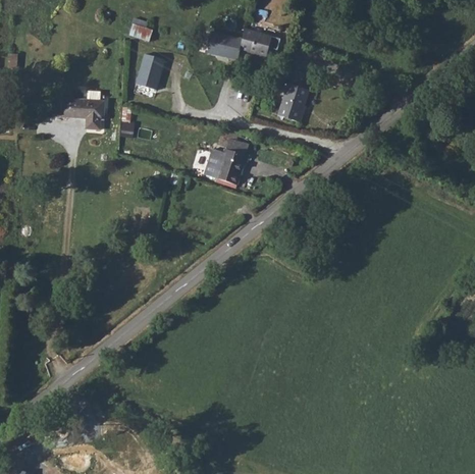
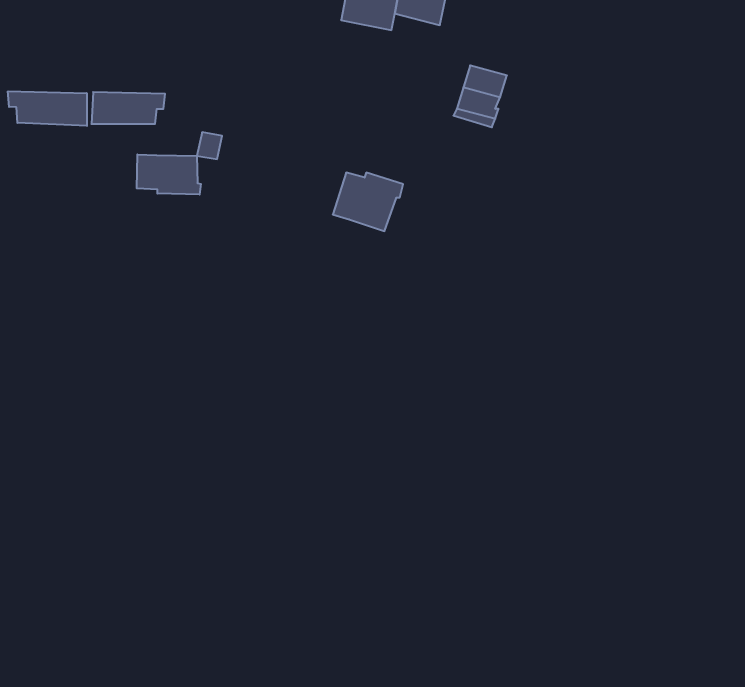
building: [137,54,165,91] -> none
building: none -> [8,91,87,126]
building: none -> [137,154,201,195]

